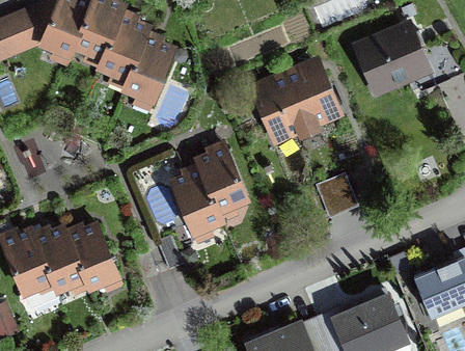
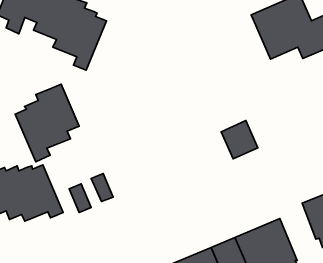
building: [246,54,344,145] -> none
building: [169,149,247,243] -> [15,84,79,162]

